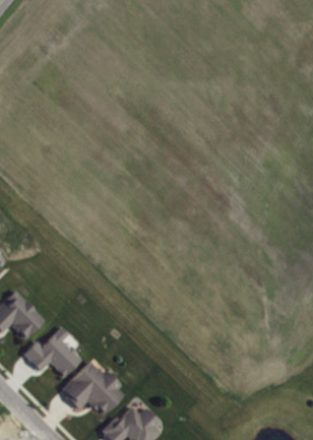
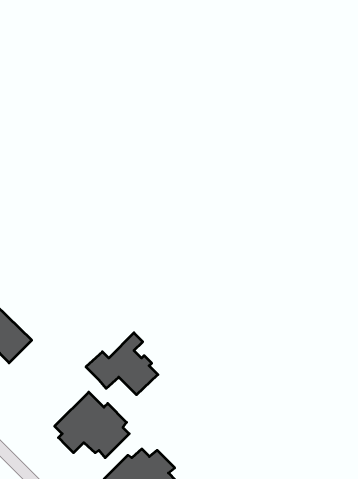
building: [22,325,80,375] -> [86,333,158,395]

